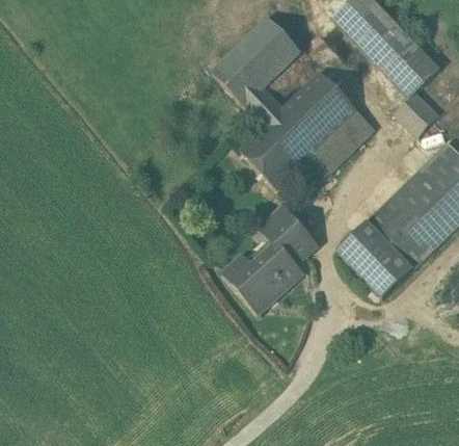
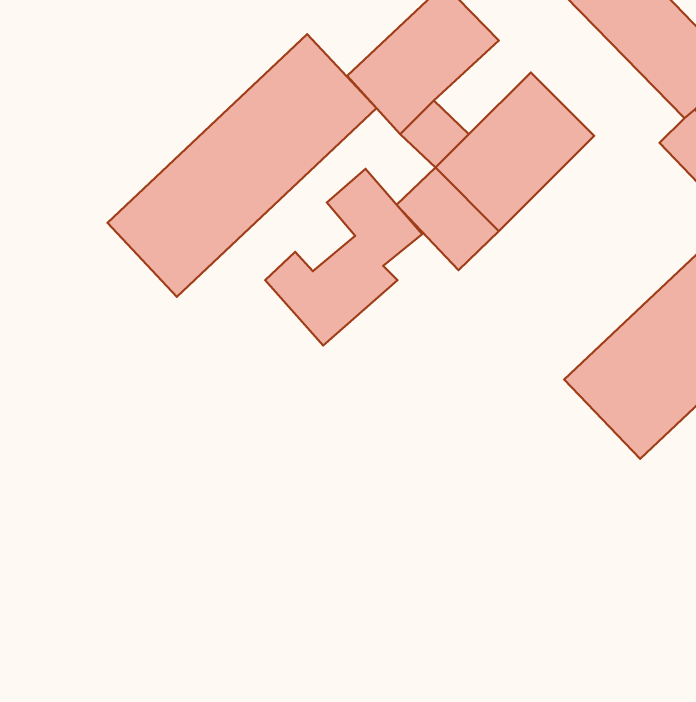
building: none -> [108,34,377,297]
building: [300,107,375,181] -> none
building: [223,207,316,311] -> [265,169,422,345]

